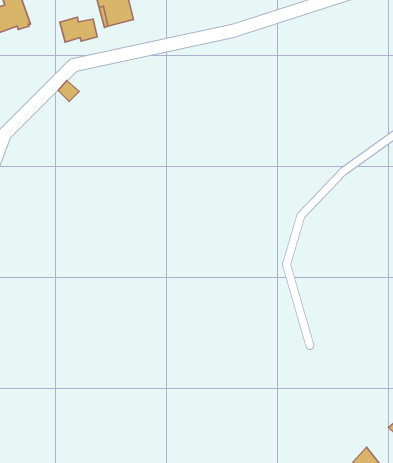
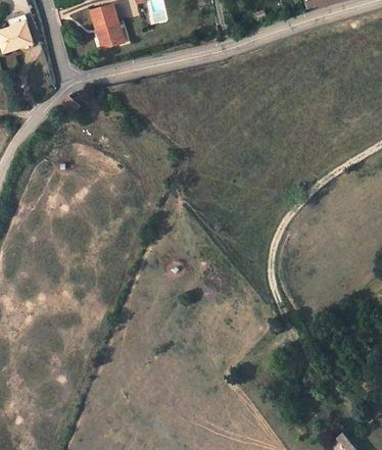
building: [60,17,97,42] -> none

